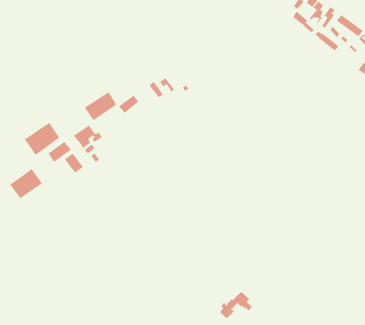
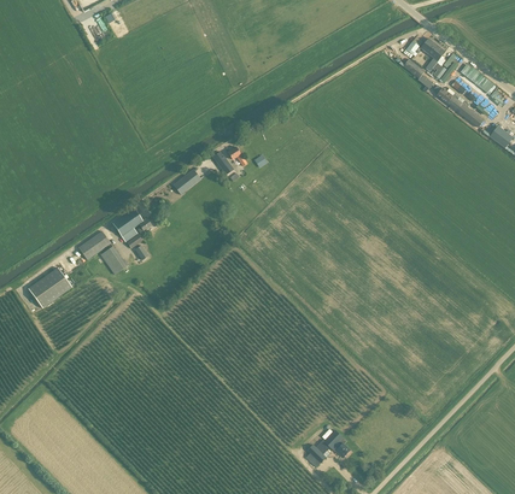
building: [84,91,117,121] -> none
building: [24,122,60,156] -> none

